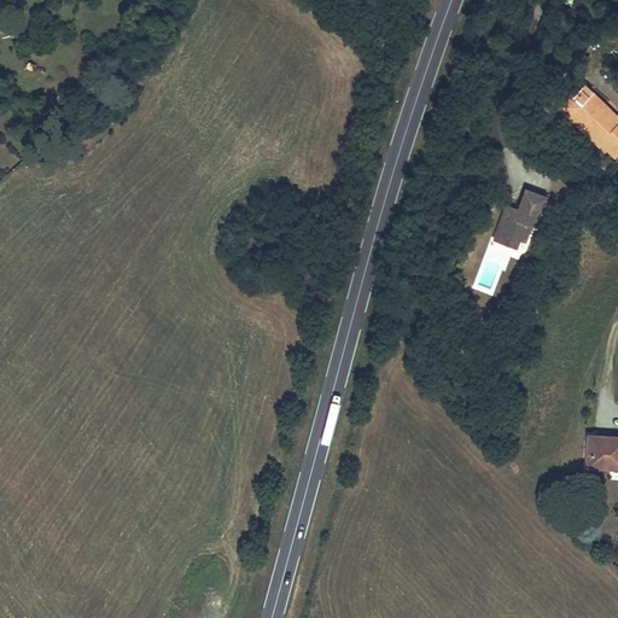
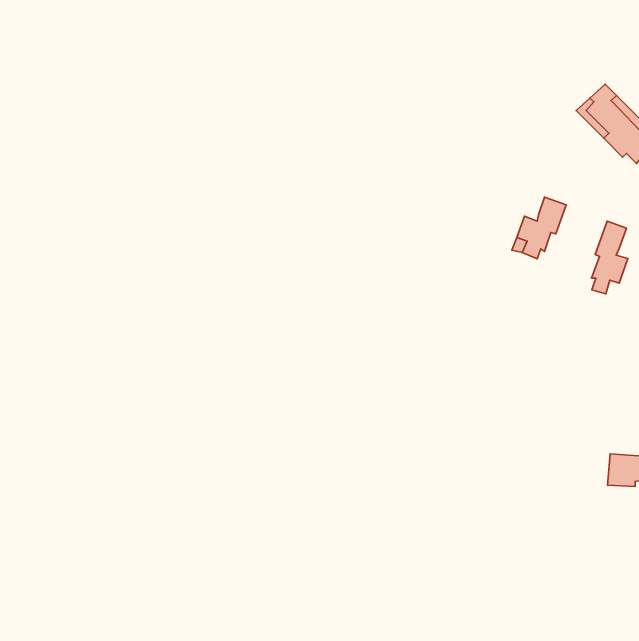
building: none -> [592,221,628,294]

